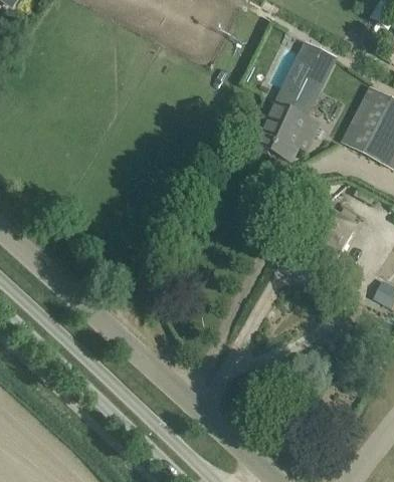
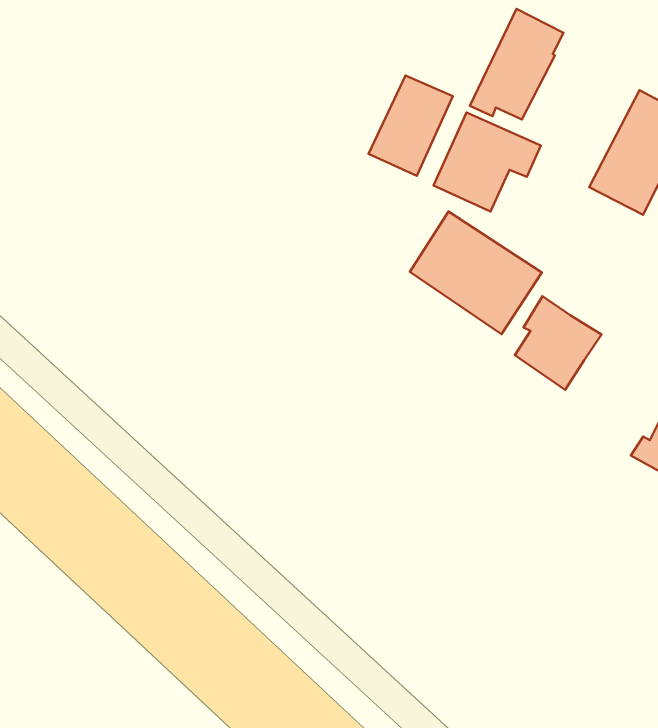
building: none -> [369,75,453,176]
building: none -> [410,212,542,334]

